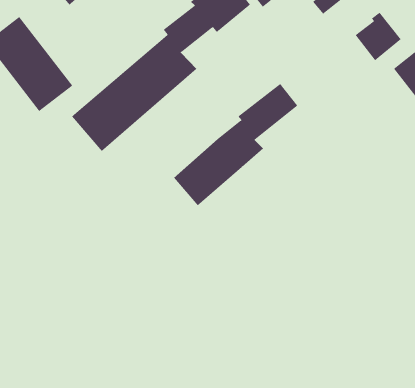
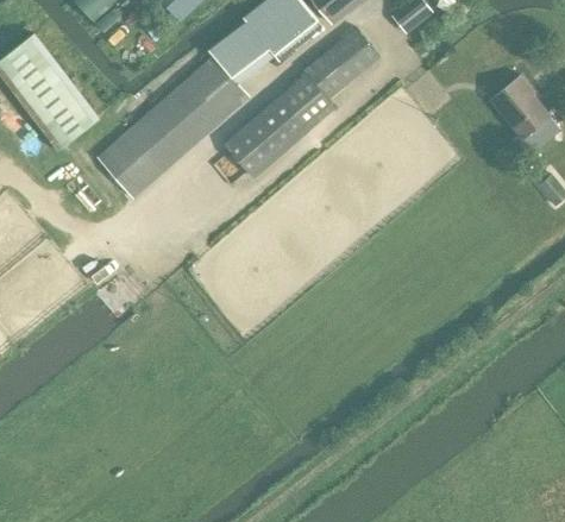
building: [355,12,402,61] -> none
building: [173,83,298,206] -> [225,29,377,178]

